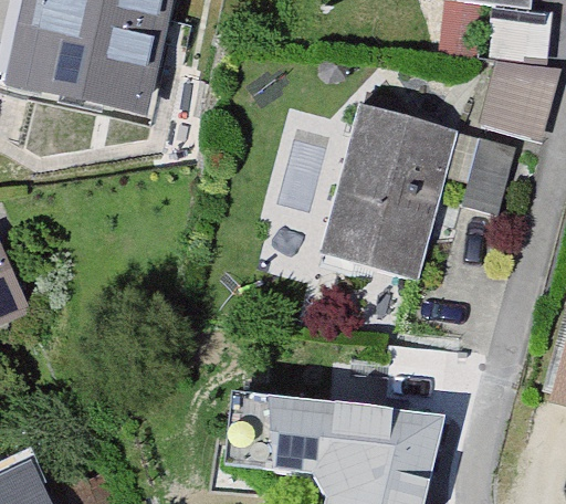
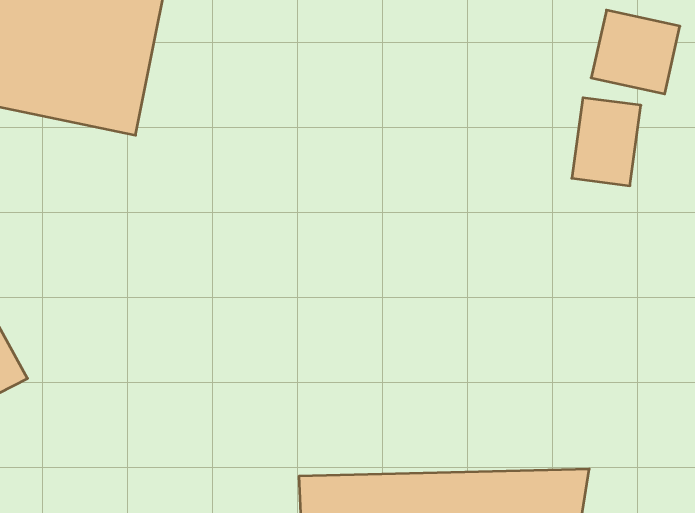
building: [329,104,448,265] -> none

